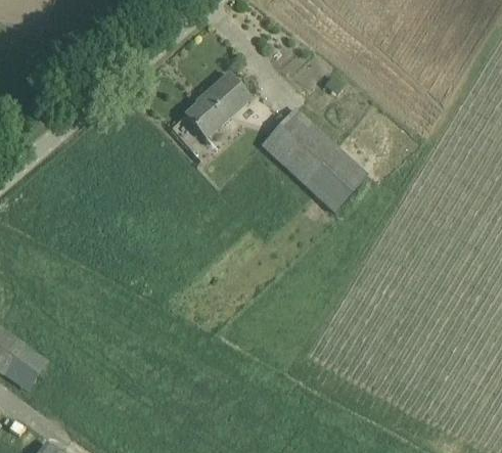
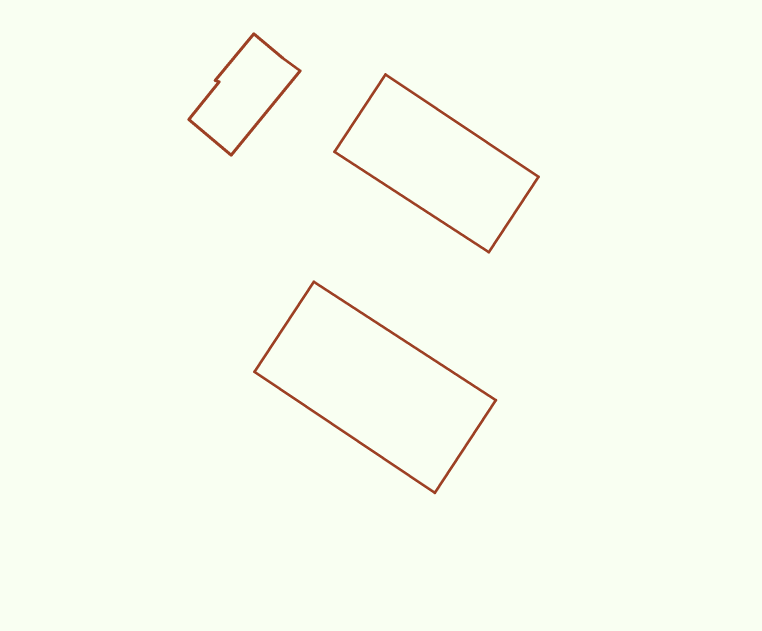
building: none -> [255,282,496,493]

